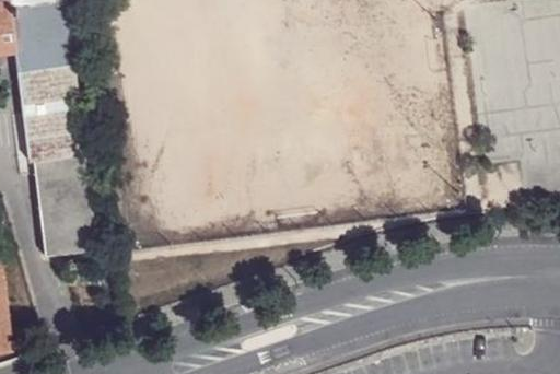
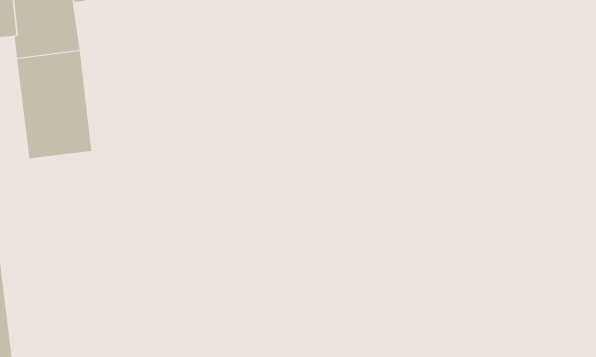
building: [32,157,100,259] -> none

